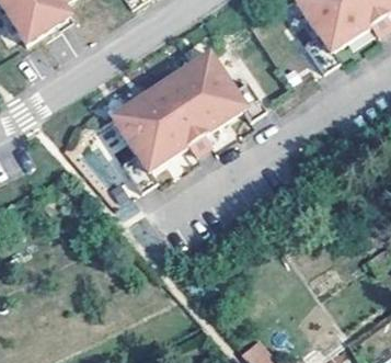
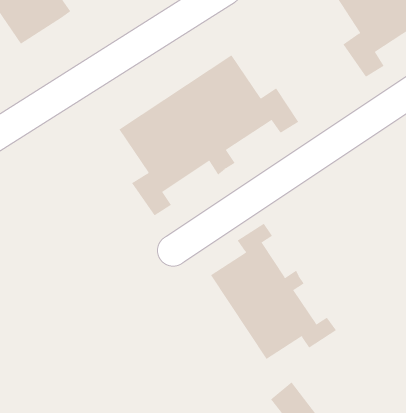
building: none -> [210,223,337,360]

